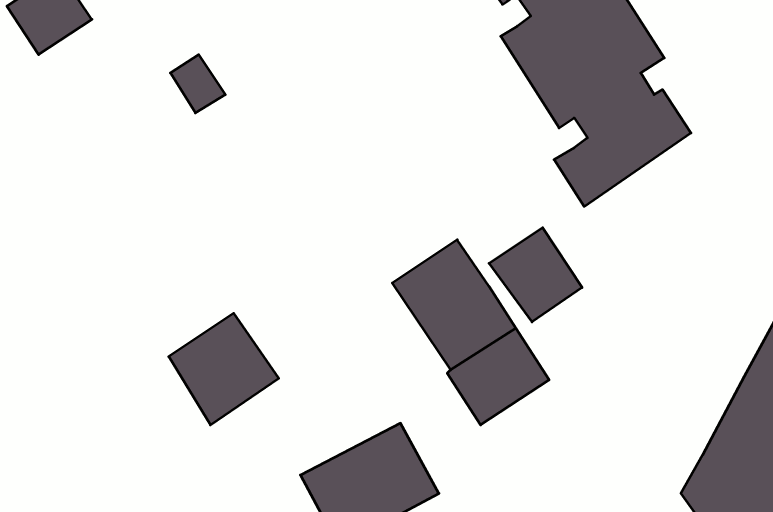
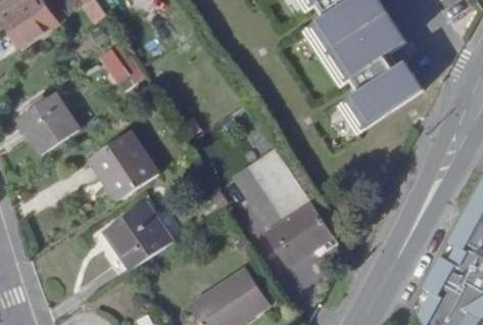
building: none -> [20,92,80,151]
building: none -> [93,131,160,199]
building: [489,228,582,322] -> none

